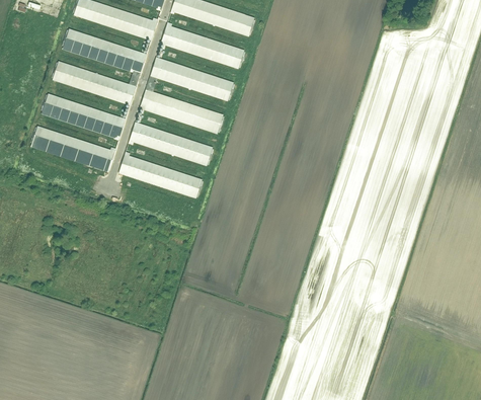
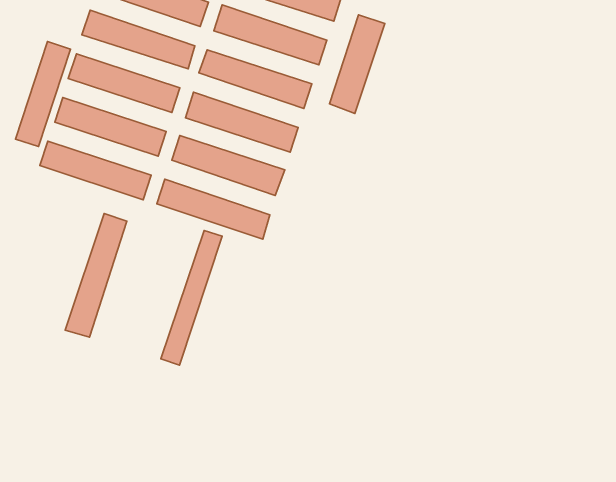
building: none -> [329,15,385,113]
building: none -> [15,42,70,146]
building: none -> [65,214,127,337]
building: none -> [161,231,222,365]

